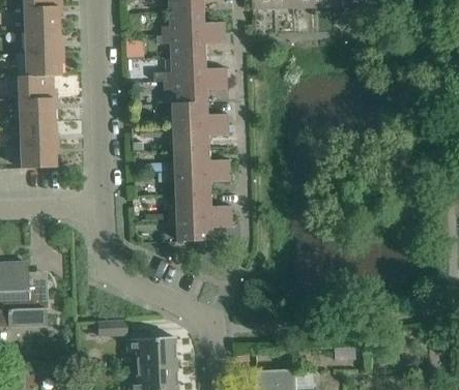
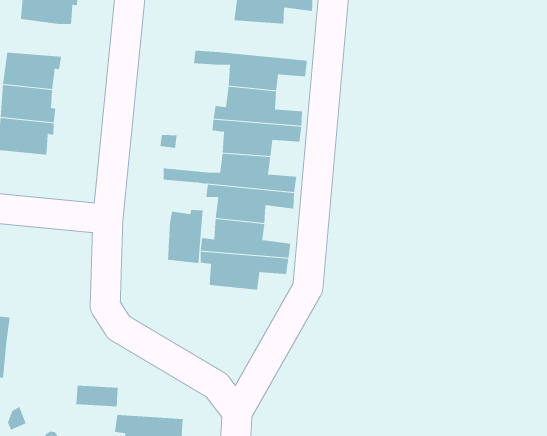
building: [164,55,226,80] -> none
building: [17,74,56,99] -> none
building: none -> [167,209,203,264]

